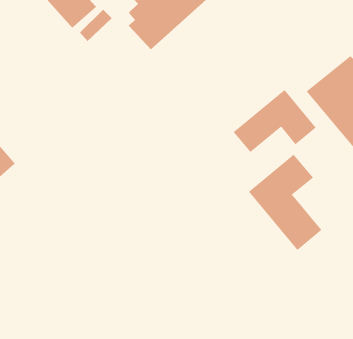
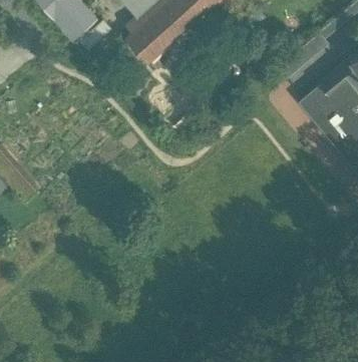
building: [233,89,316,153] -> none
building: [248,154,322,251] -> none

